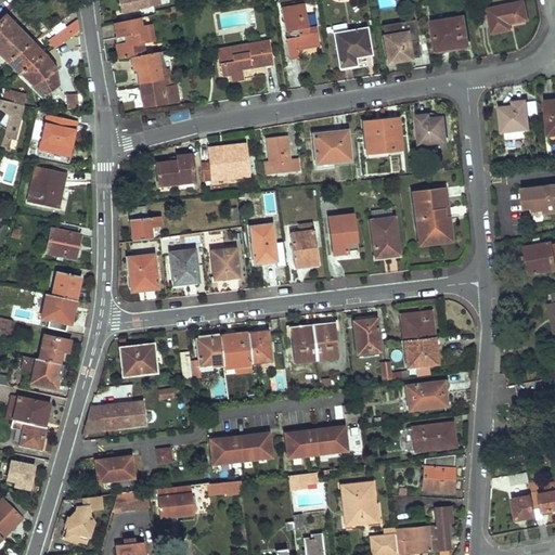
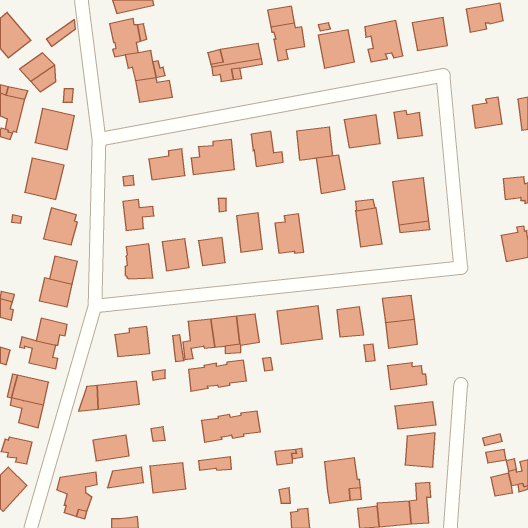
building: [9,42,44,73] -> none
building: [328,215,359,255] -> [316,155,345,193]
building: [287,424,348,456] -> [189,360,247,391]

